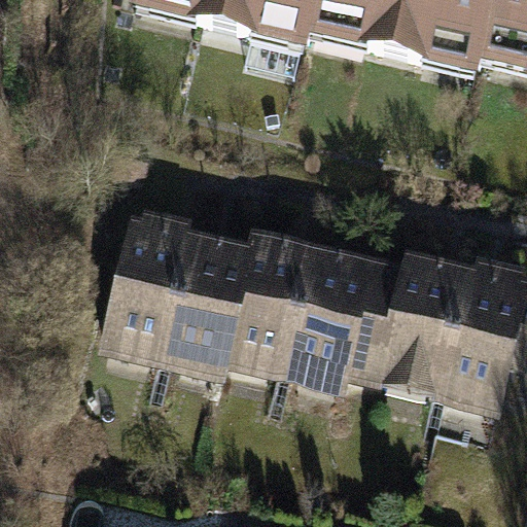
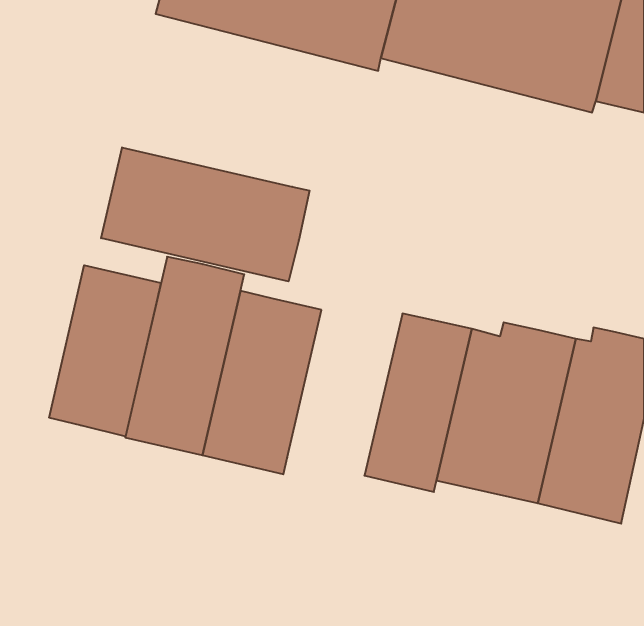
building: none -> [101,147,310,281]
building: none -> [49,265,161,436]
building: [234,241,327,387] -> none

